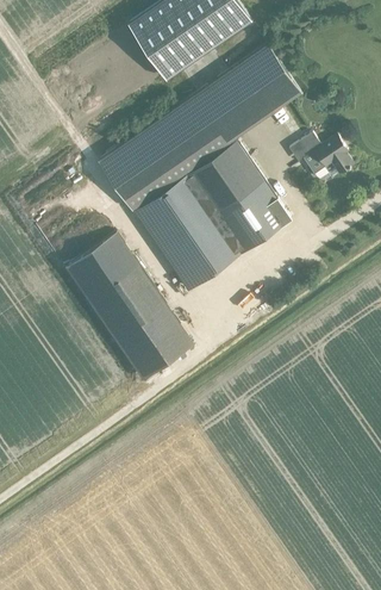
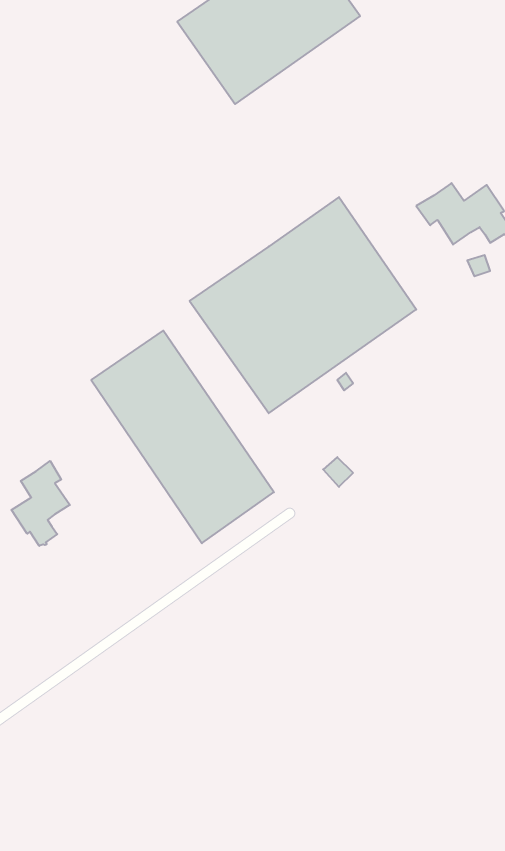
building: [99,45,300,210] -> none
building: none -> [11,461,70,546]

